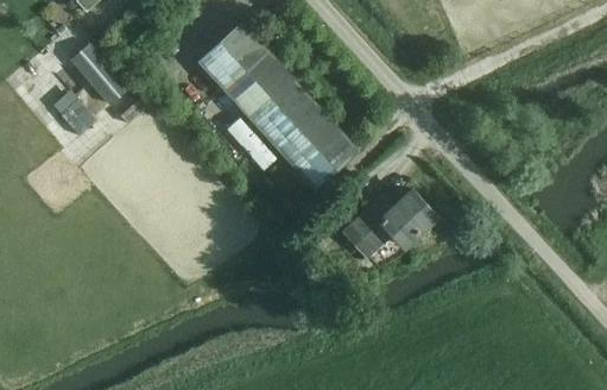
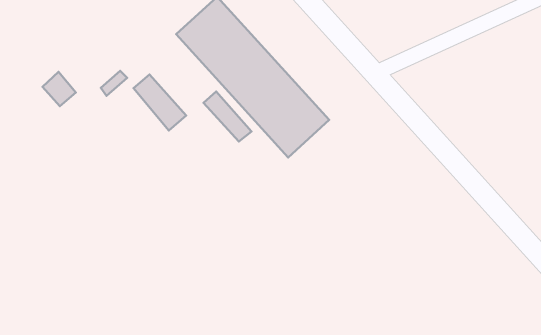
building: [71,44,126,102] -> [134,74,186,130]
building: [343,189,436,254] -> none

